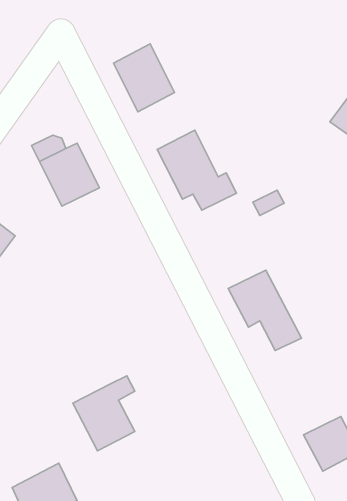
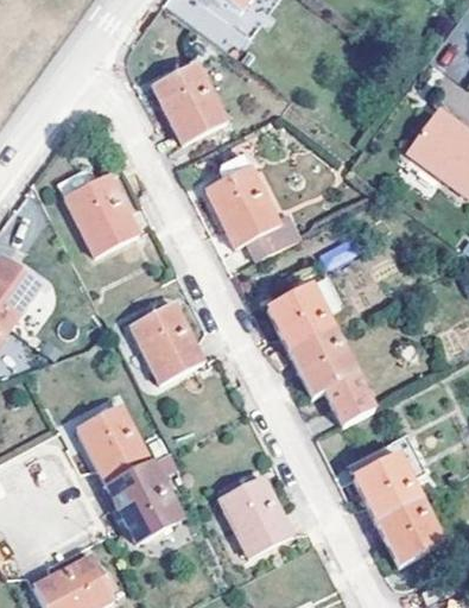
building: none -> [267,284,332,348]
building: none -> [129,299,203,380]
building: none -> [78,403,151,482]
building: none -> [354,452,420,519]
building: none -> [220,475,291,553]

